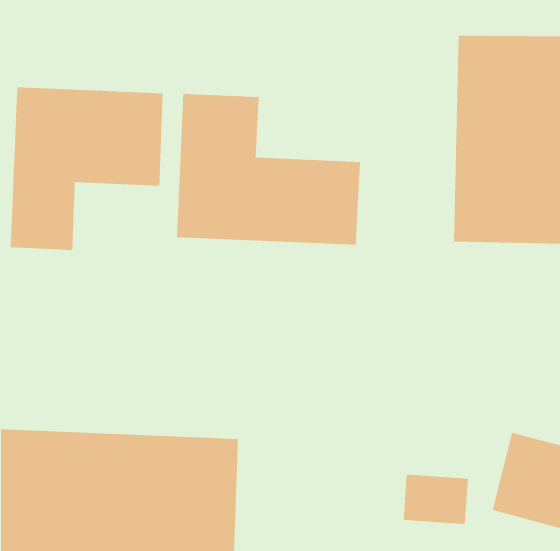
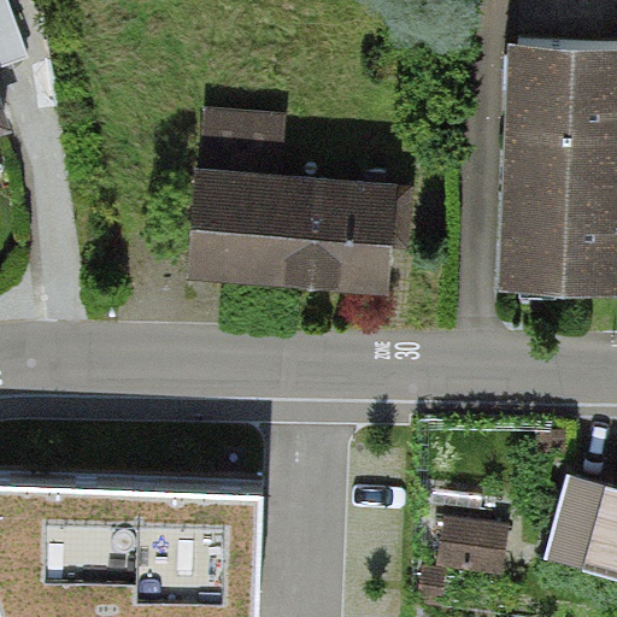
building: [10,86,163,251] -> none

